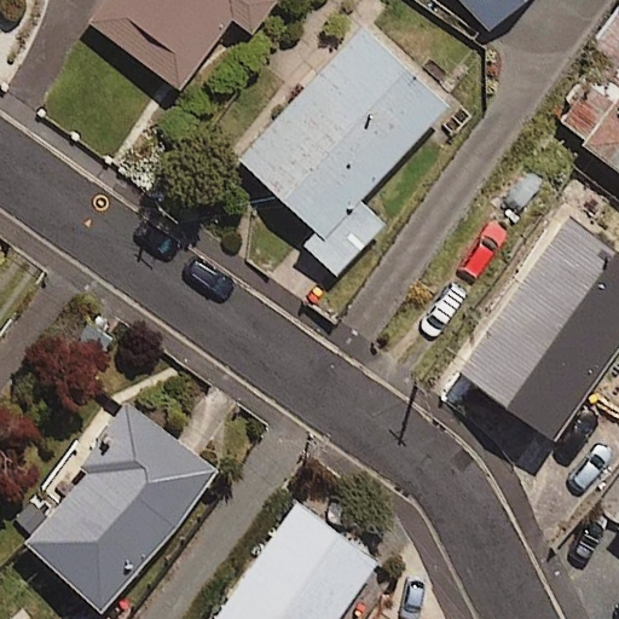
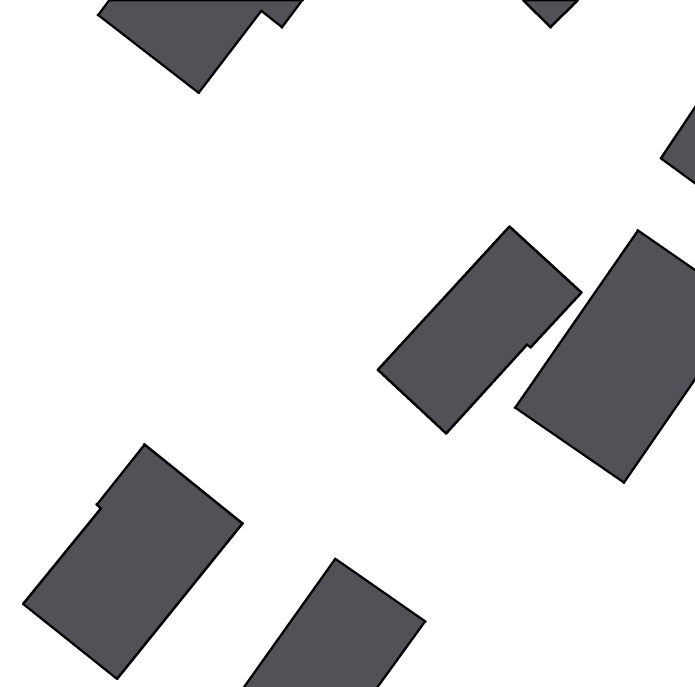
building: [235,28,447,277] -> none
building: none -> [378,227,581,433]

